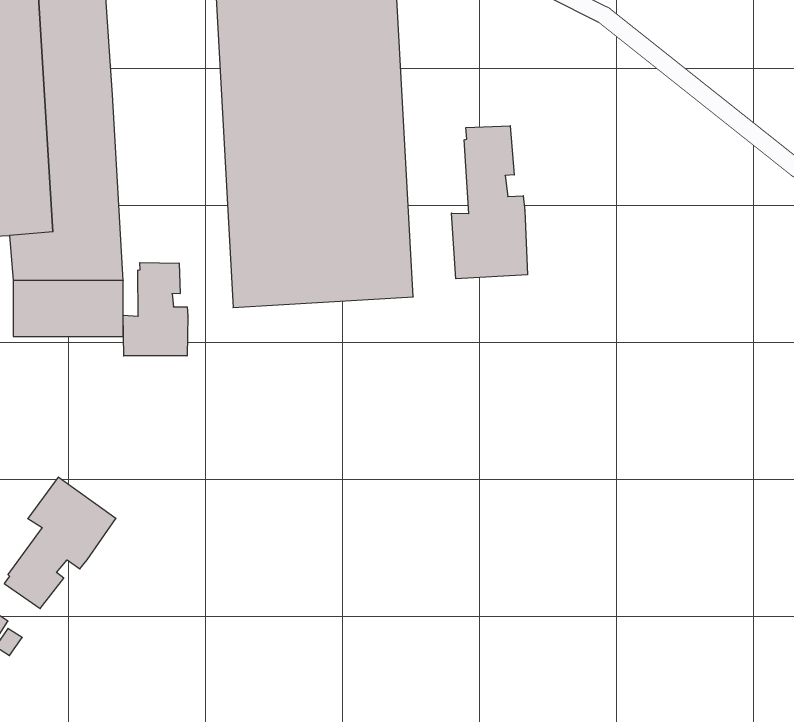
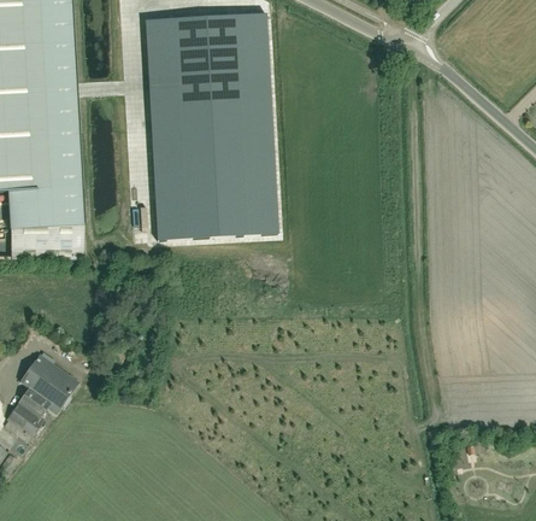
building: [452,126,527,279] -> none
building: [123,263,188,356] -> none

